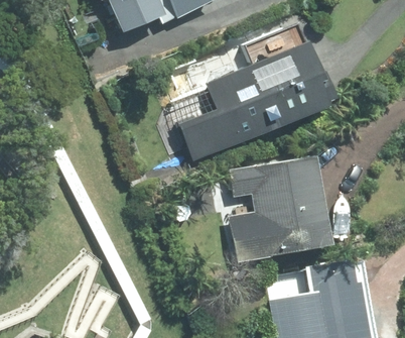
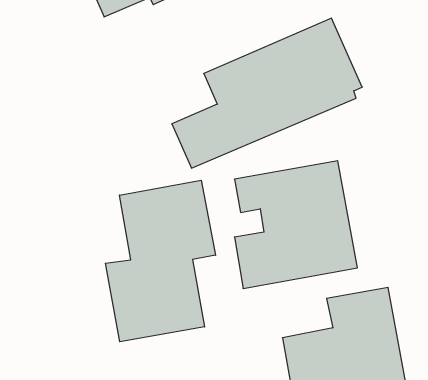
building: none -> [105,180,216,342]

